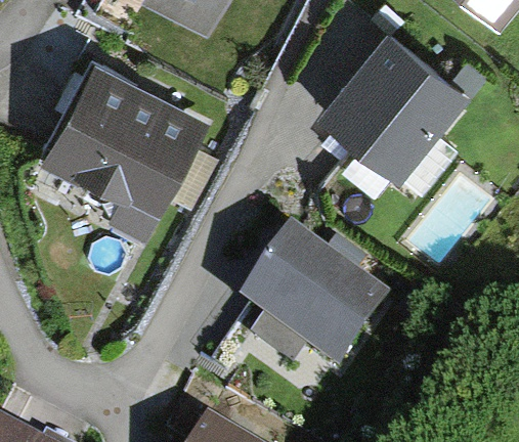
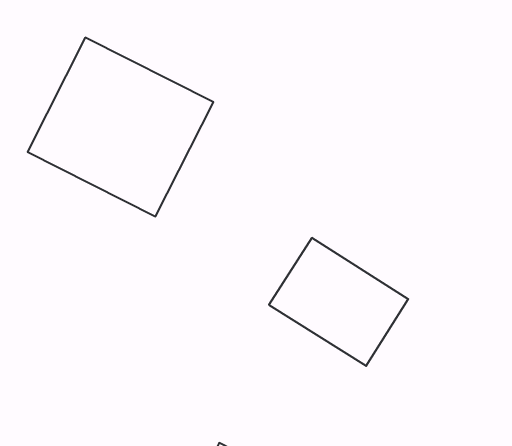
building: [329,36,458,166] -> none

